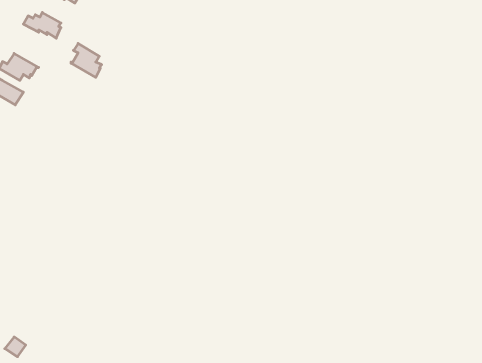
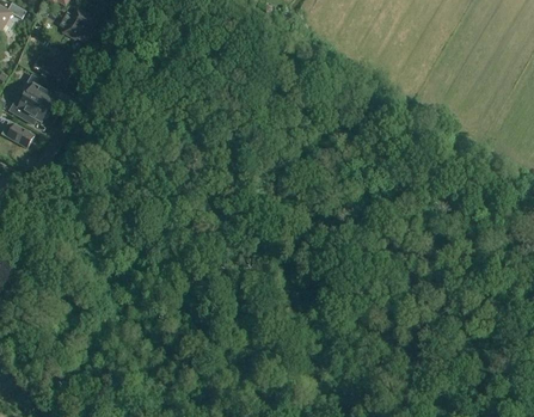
building: [71,43,102,77] -> [25,73,56,108]

